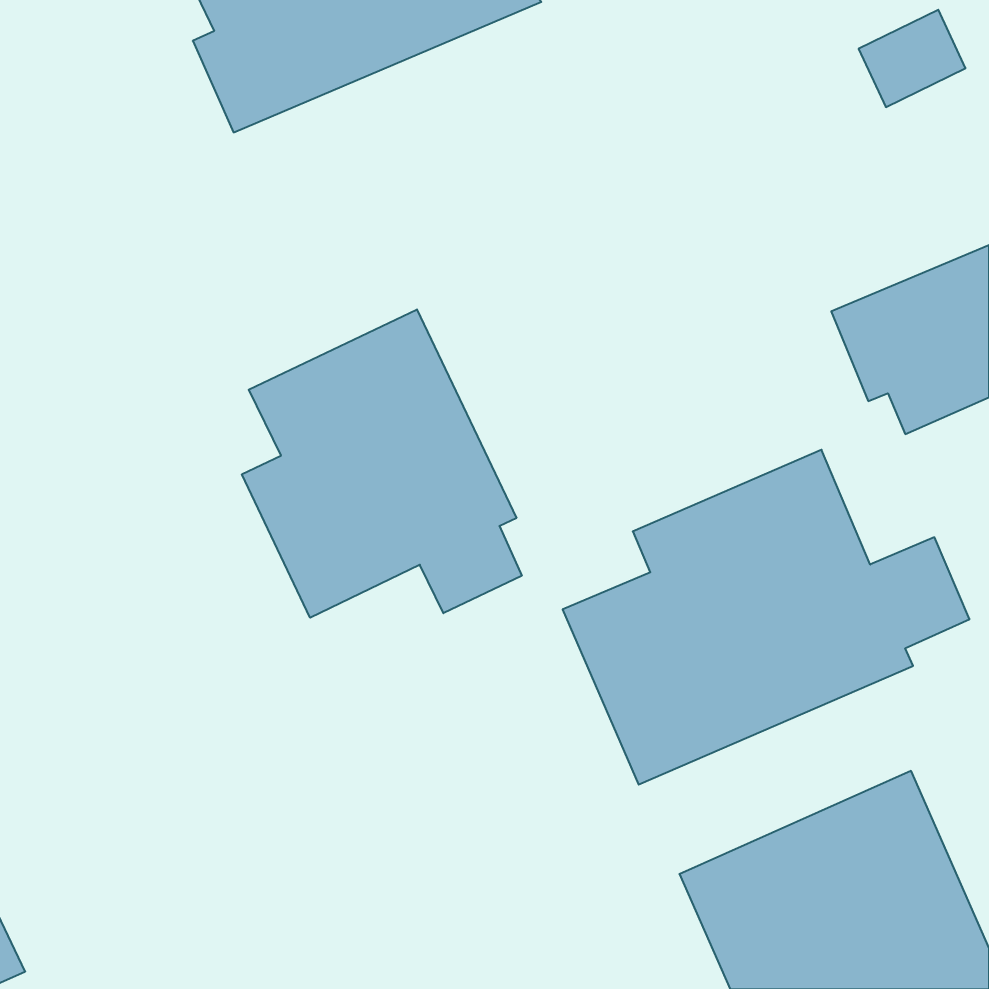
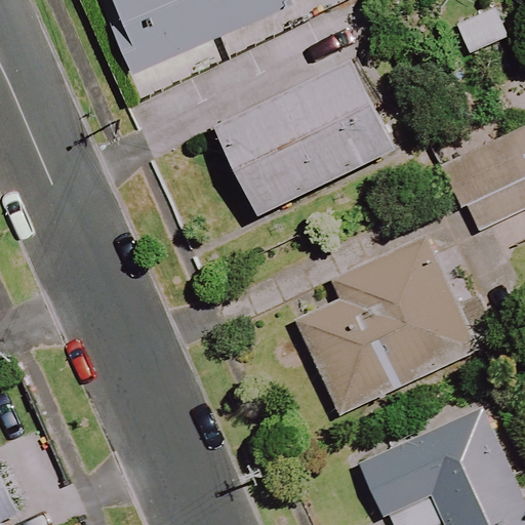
building: none -> [217,66,397,217]
building: [242,309,522,618] -> none

